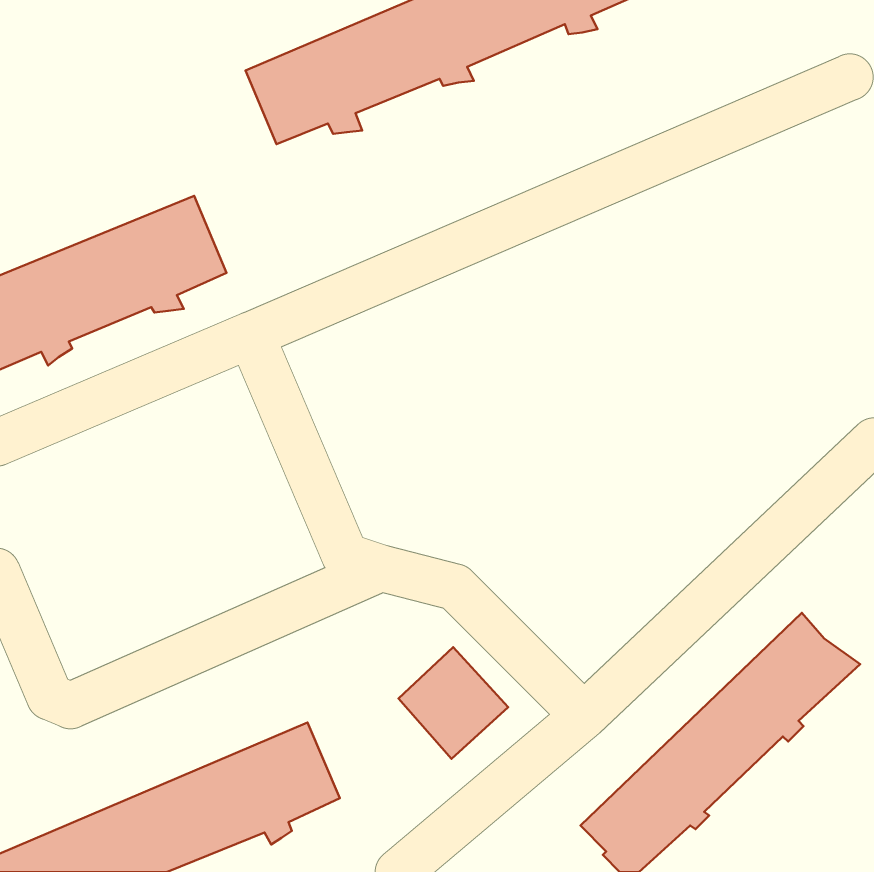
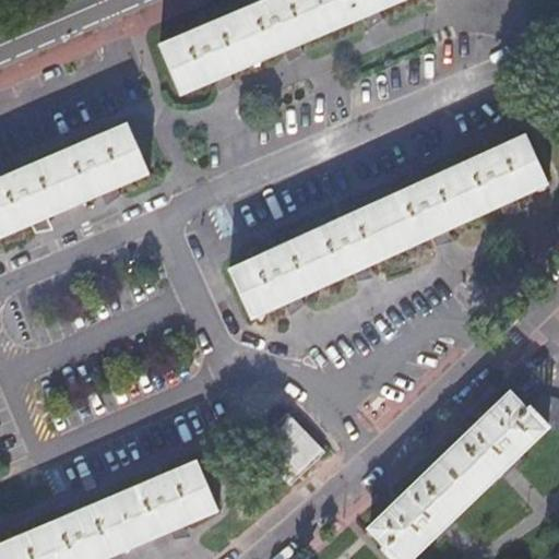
building: none -> [229,134,548,317]

